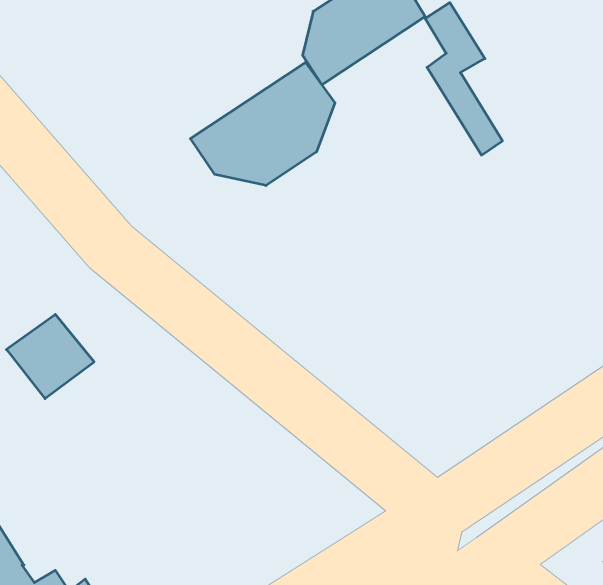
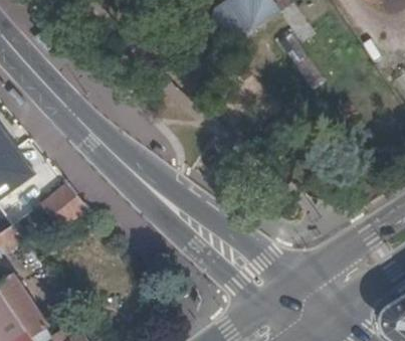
building: [190,62,335,186] -> none

